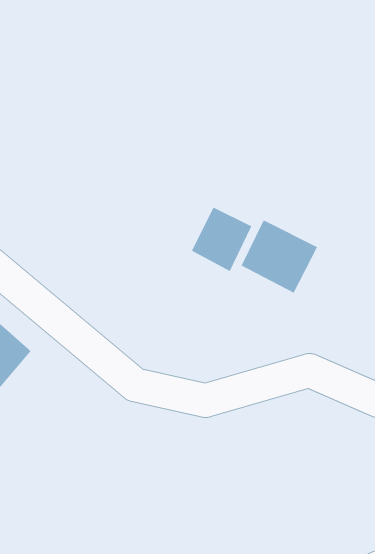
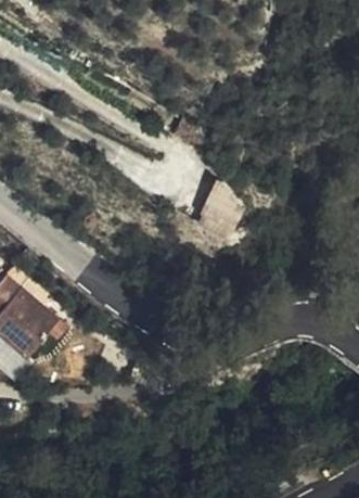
building: [241,220,318,293] -> none

